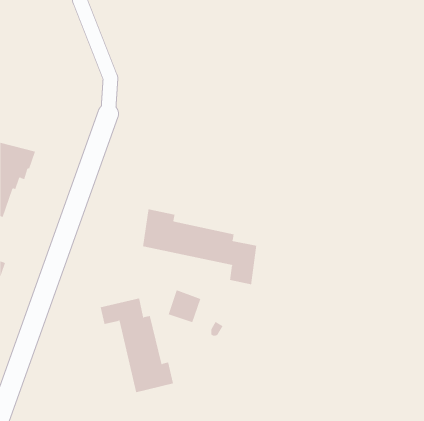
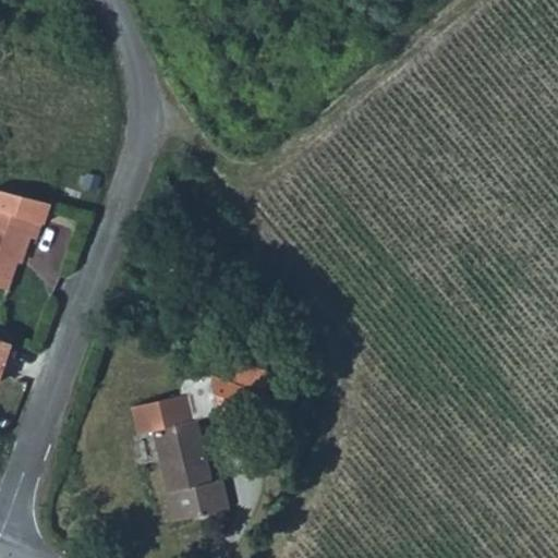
building: [142,208,257,285] -> none

